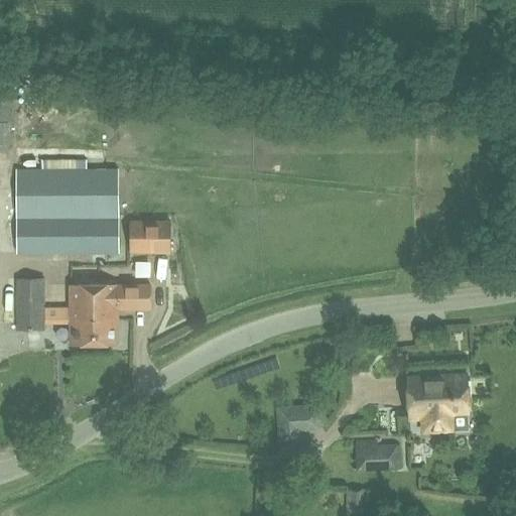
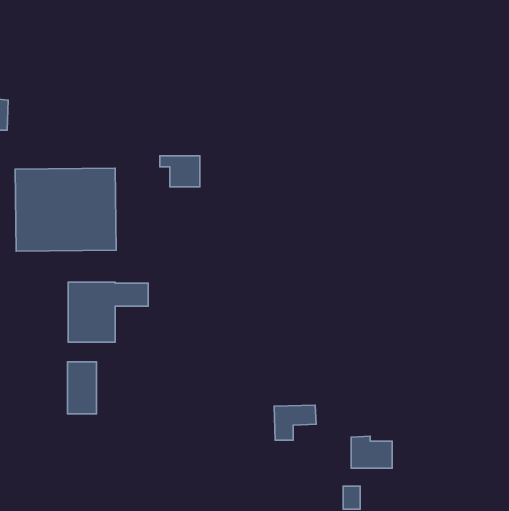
building: [129,221,169,252] -> [160,156,200,187]
building: [15,278,44,331] -> [67,362,96,414]
building: [406,375,467,430] -> none

